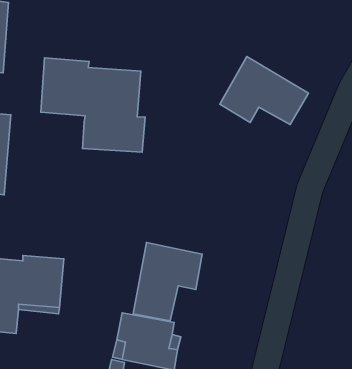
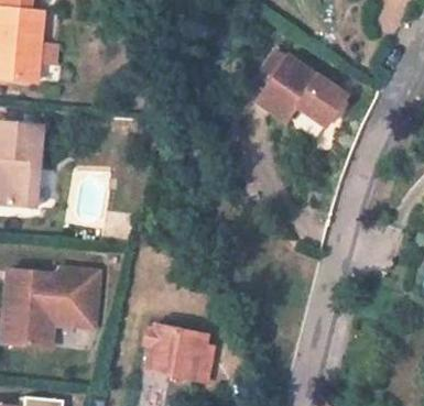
building: [41,58,145,152] -> none
building: [133,243,202,321] -> none

